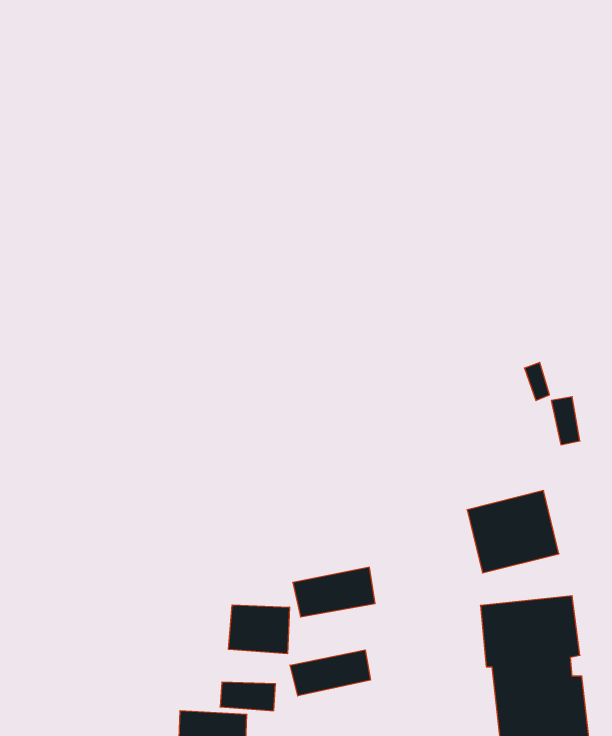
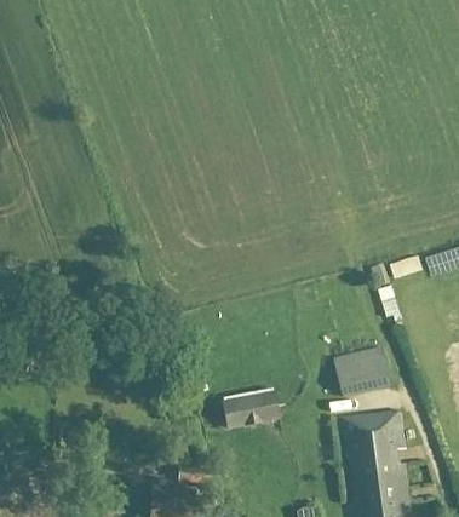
building: [228,605,290,654] -> none
building: [290,650,370,696] -> none

